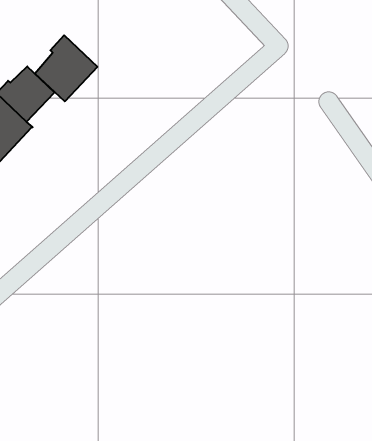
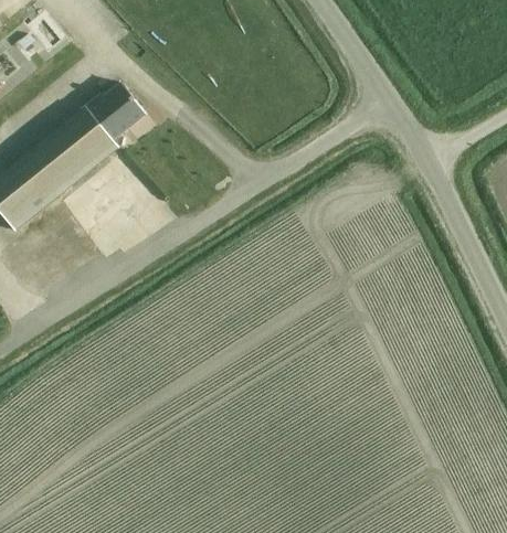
building: [35,35,97,101] -> none

